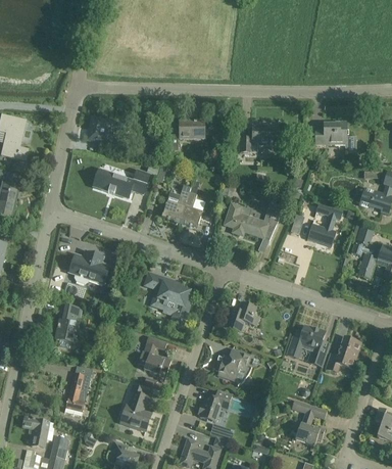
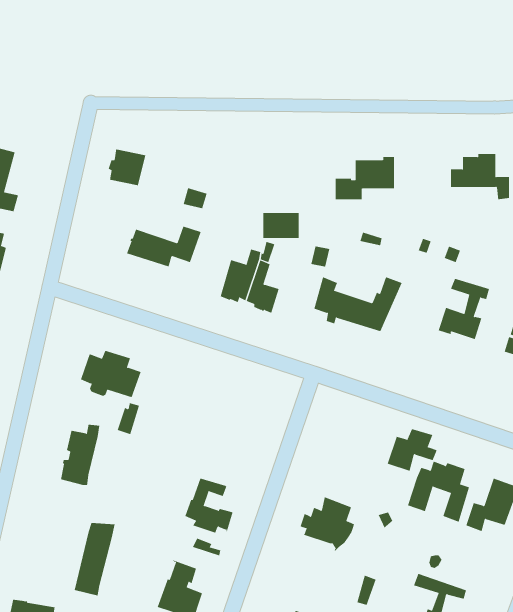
building: [179,120,203,137] -> [263,213,299,239]
building: [144,272,190,326] -> none
building: [225,302,258,331] -> [387,429,438,472]
building: [197,389,232,421] -> none

